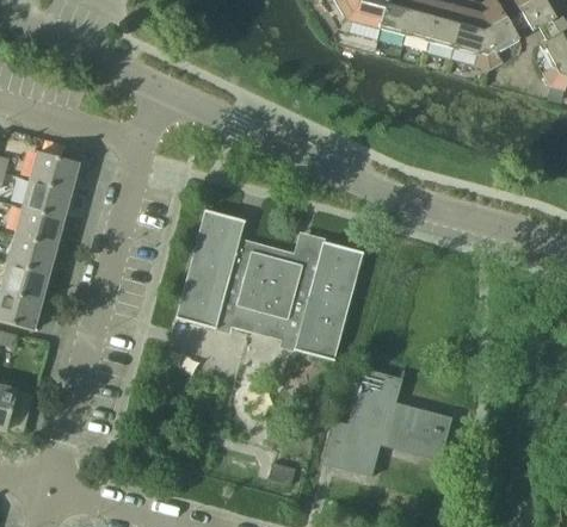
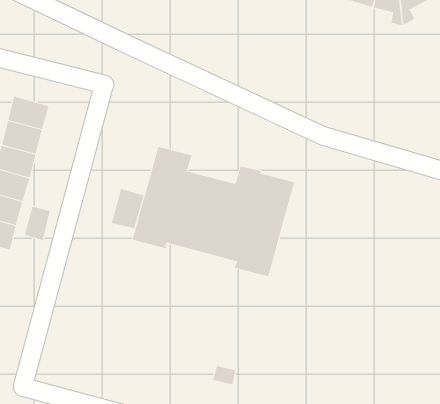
building: none -> [111,188,144,229]
building: none -> [24,206,50,241]
building: [325,367,452,478] -> none

